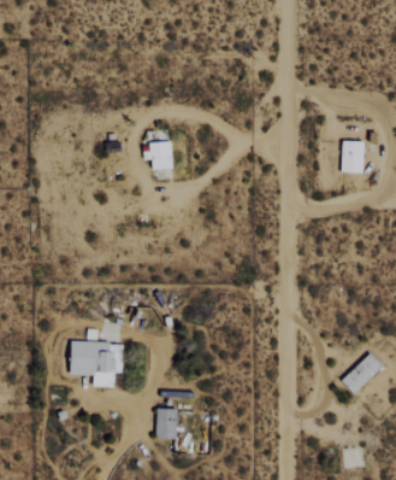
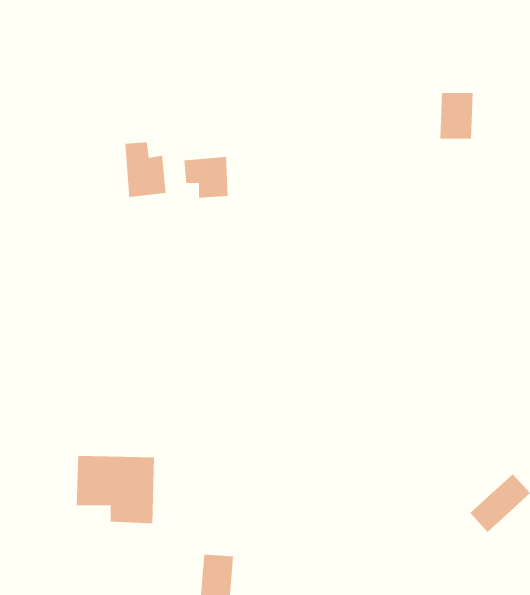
building: none -> [125,142,166,198]
building: [336,141,359,172] -> [439,93,474,139]

